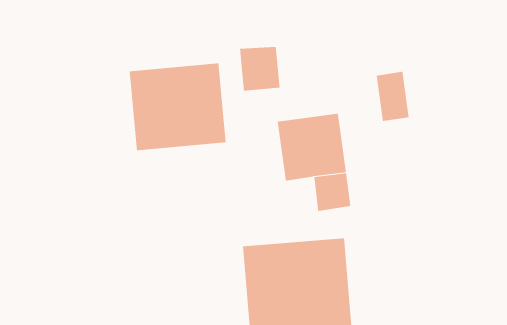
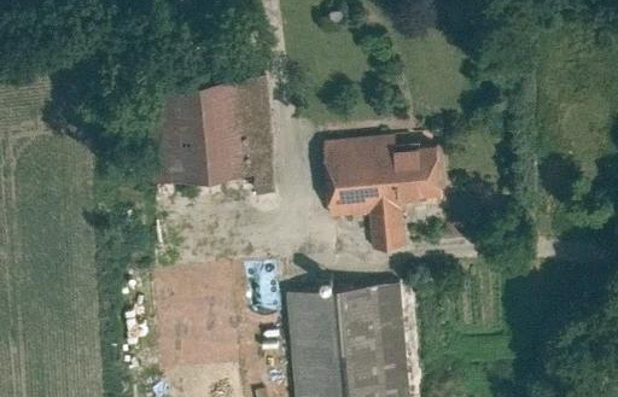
building: [239,46,280,92] -> none
building: [376,71,409,122] -> [398,148,437,206]

